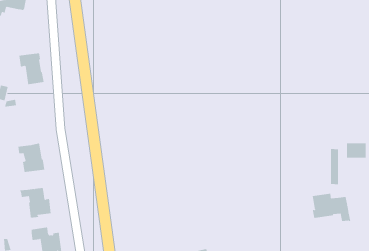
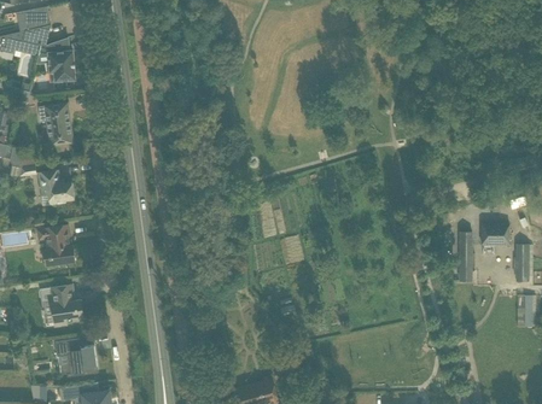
building: none -> [37,39,77,82]
building: none -> [37,171,74,206]
building: [312,193,351,222] -> none

